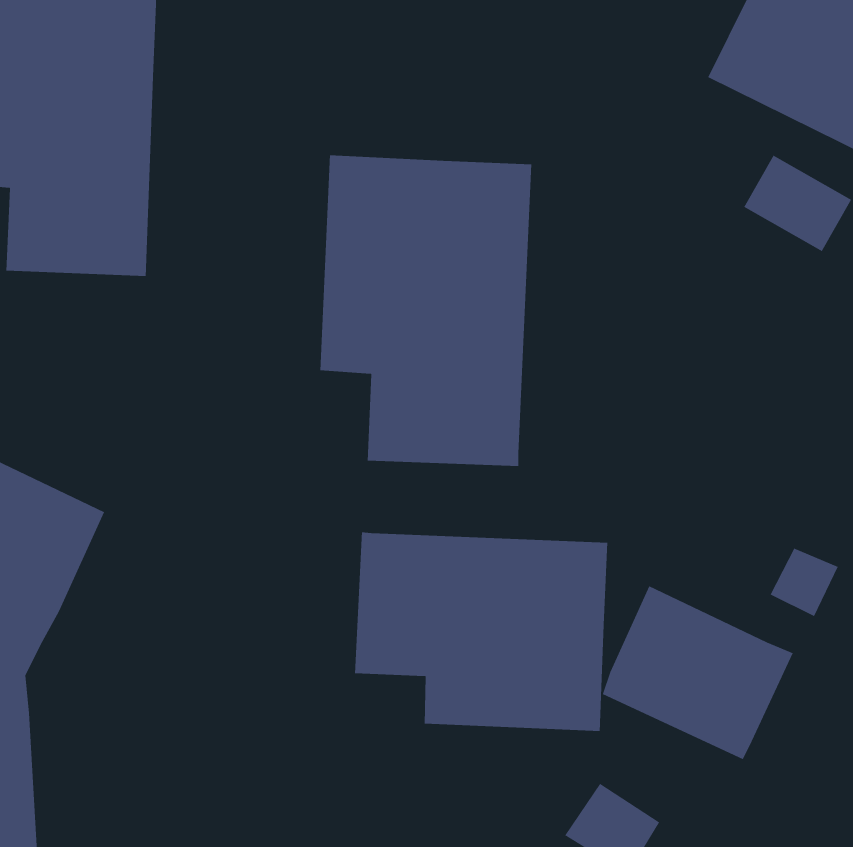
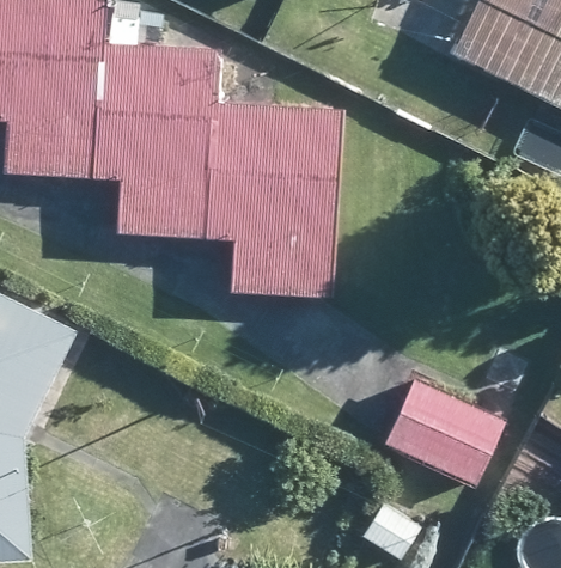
building: none -> [96,45,213,238]
building: [354,532,608,732] -> none

